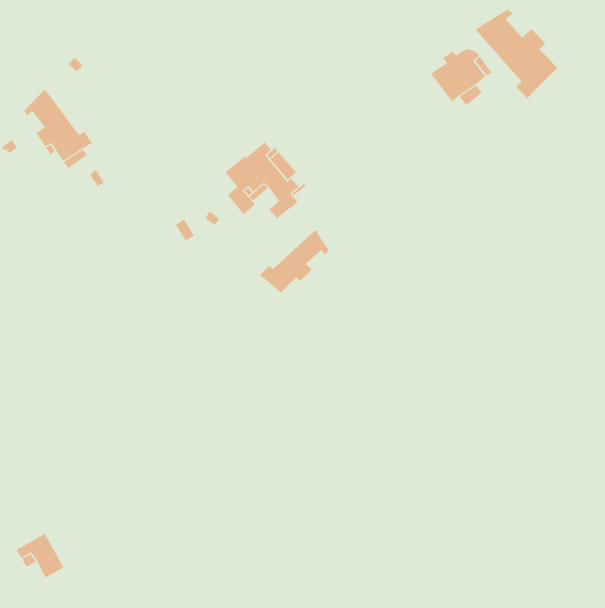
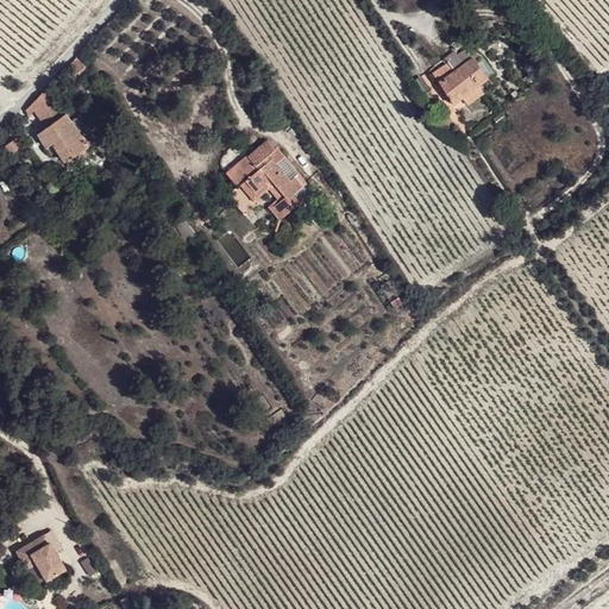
building: [474,9,558,99] -> none
building: [259,229,329,293] -> none

